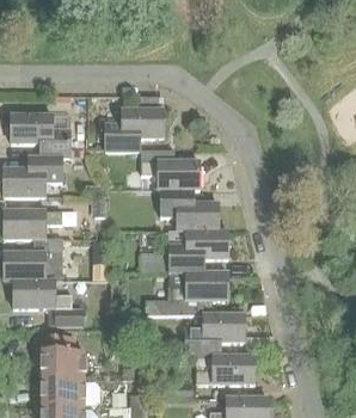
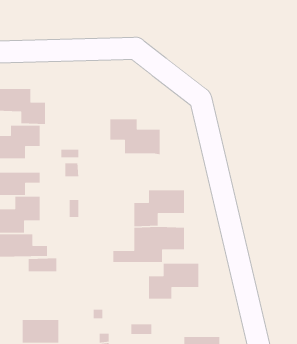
building: [103,109,162,150] -> none
building: [159,189,217,229] -> none
building: [35,334,84,377] -> none
building: [195,355,253,382] -> none

